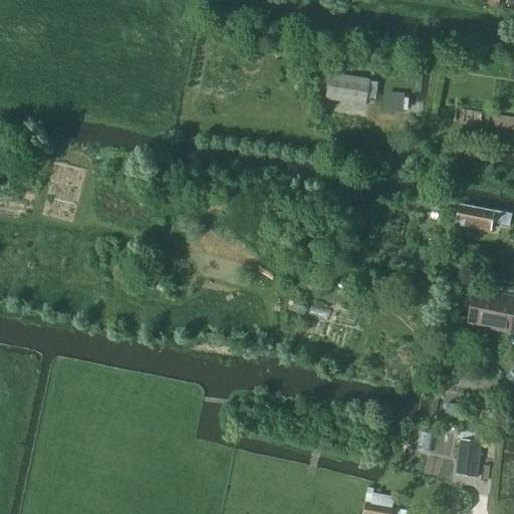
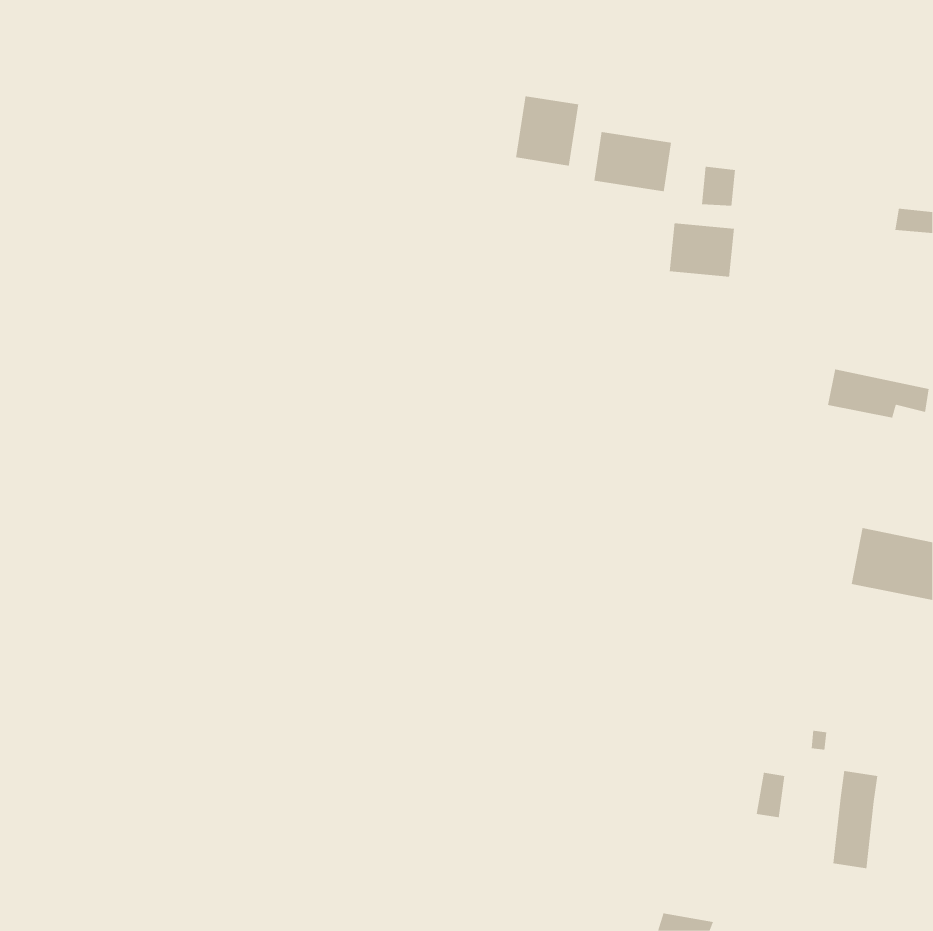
building: none -> [516,95,579,166]
building: none -> [669,222,735,278]

